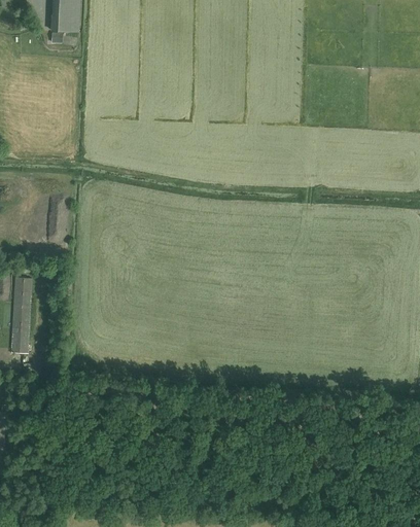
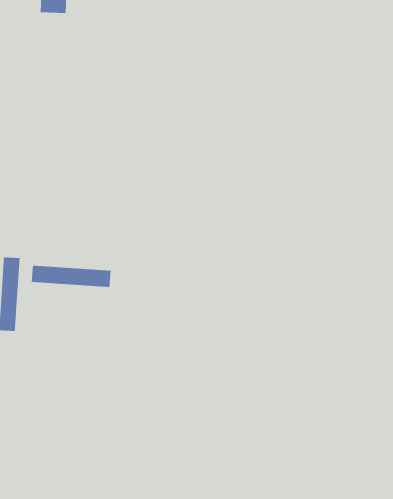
building: none -> [31,265,111,288]

